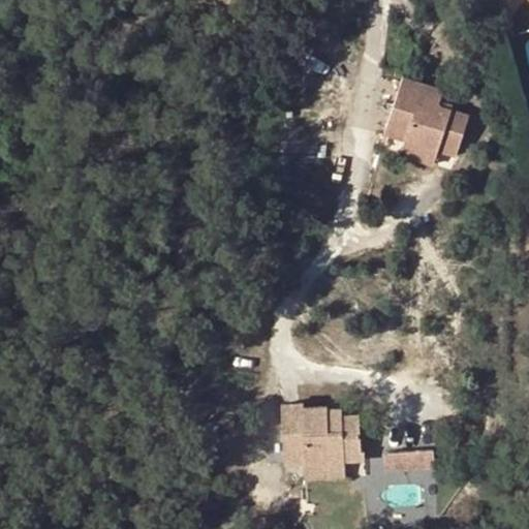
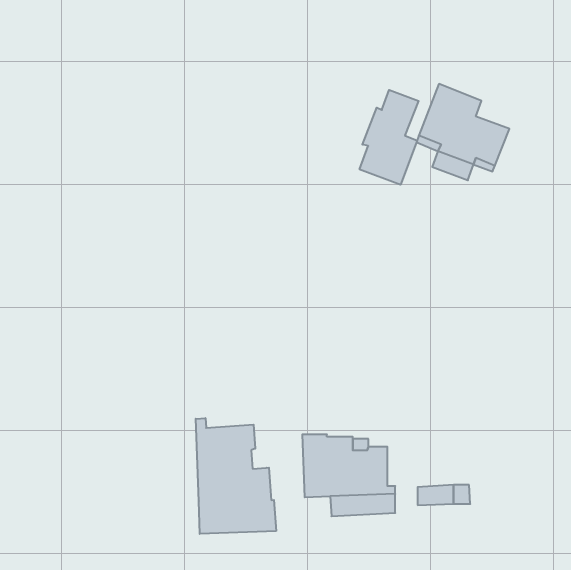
building: none -> [360,90,419,185]
building: none -> [196,418,276,534]

